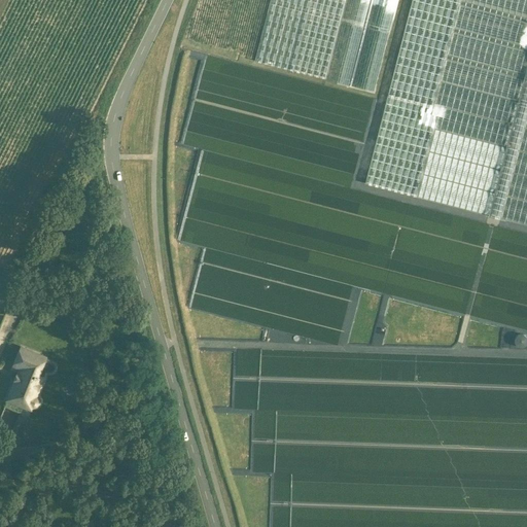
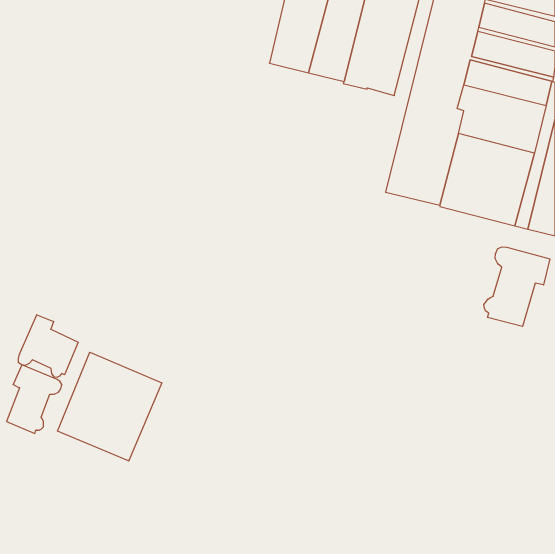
building: [433,80,518,145] -> none
building: none -> [484,247,550,326]
building: none -> [18,315,78,377]
building: none -> [57,352,162,461]

